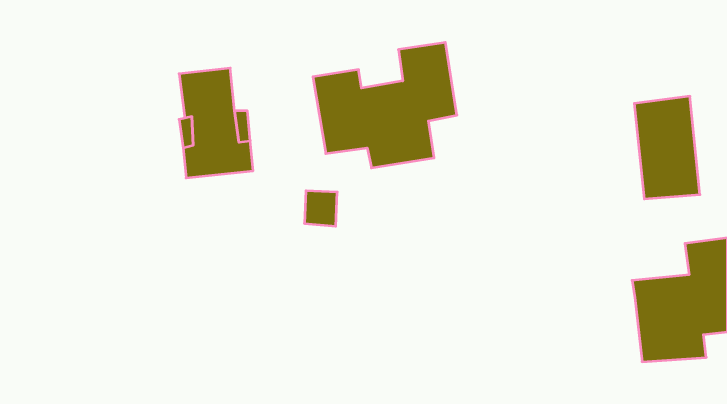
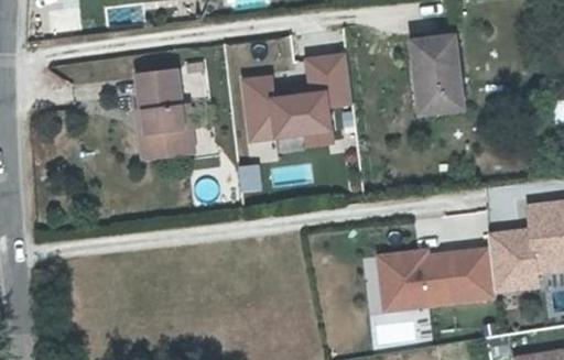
building: [634,96,700,199] -> [405,30,456,109]
building: none -> [380,246,497,314]

